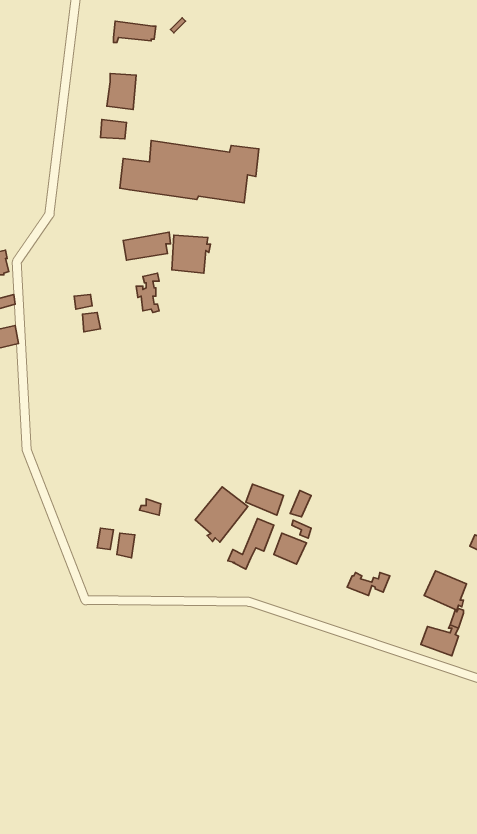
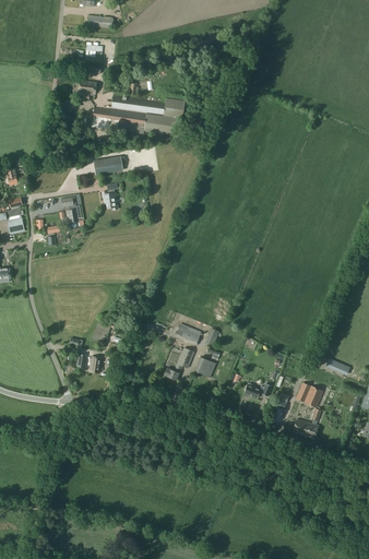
building: [172,235,210,273] -> none
building: [195,487,248,542] -> none

